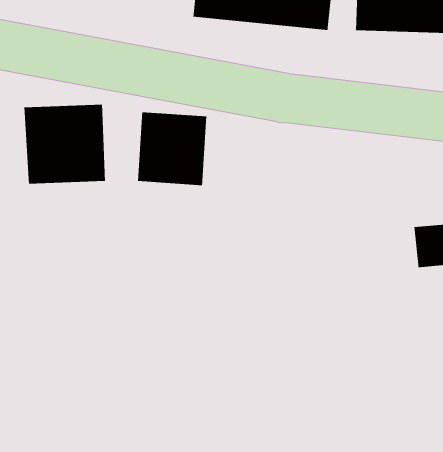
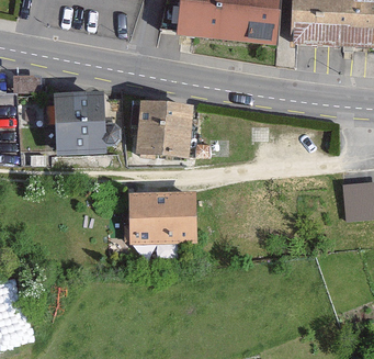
building: none -> [125,188,197,242]

